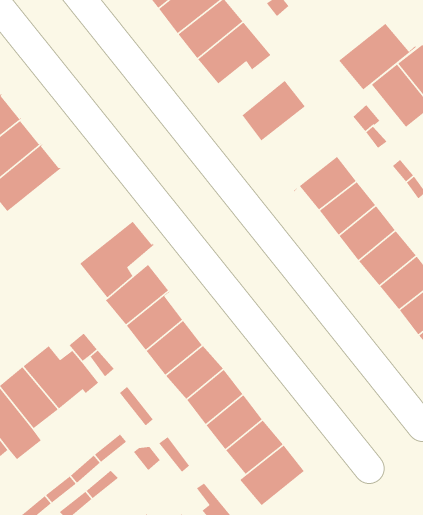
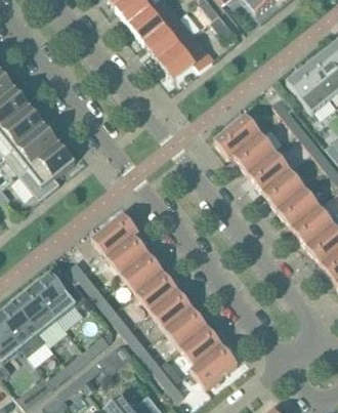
building: [338,23,417,91] -> none
building: [241,80,306,142] -> [214,114,261,159]
building: [79,220,155,298] -> [19,142,75,200]

